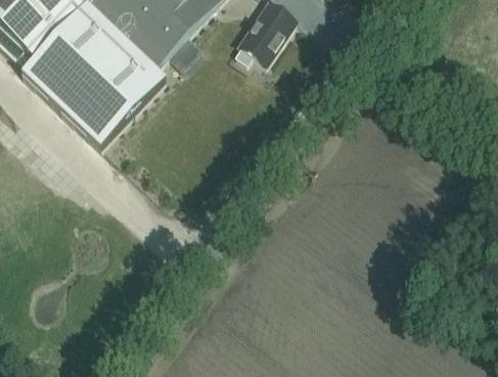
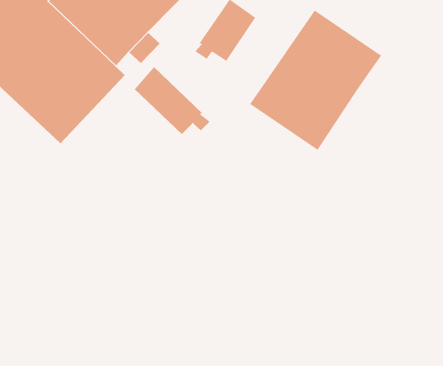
building: none -> [249,10,382,151]
building: none -> [134,66,210,135]

